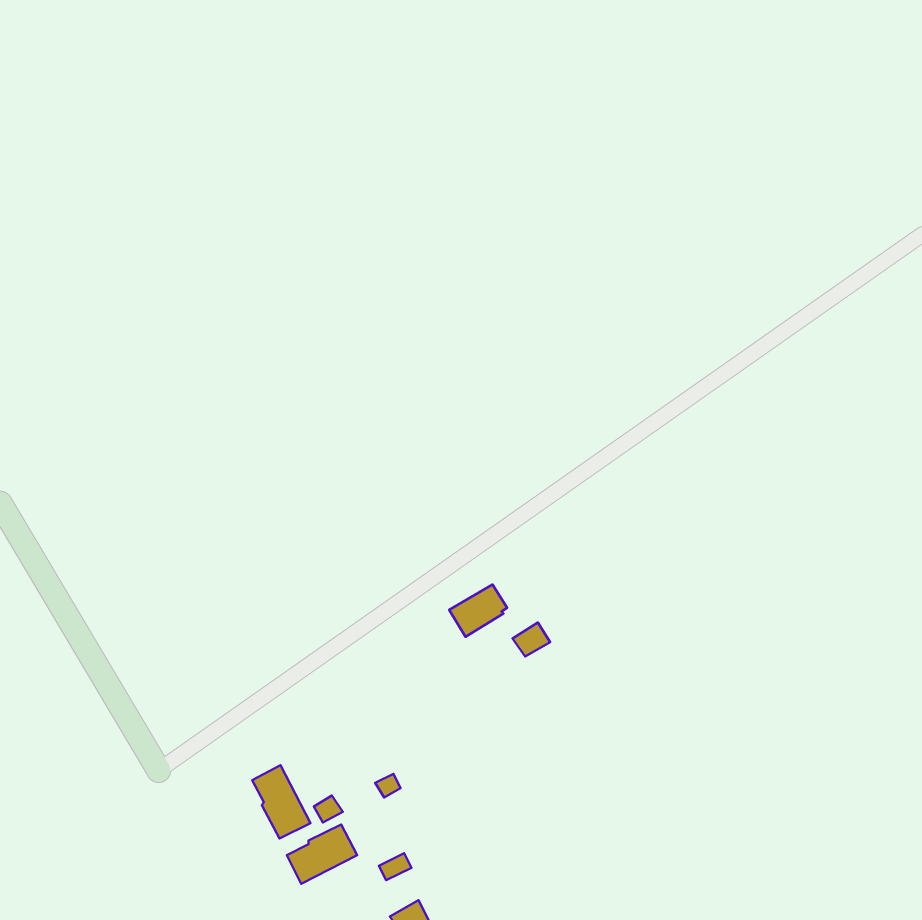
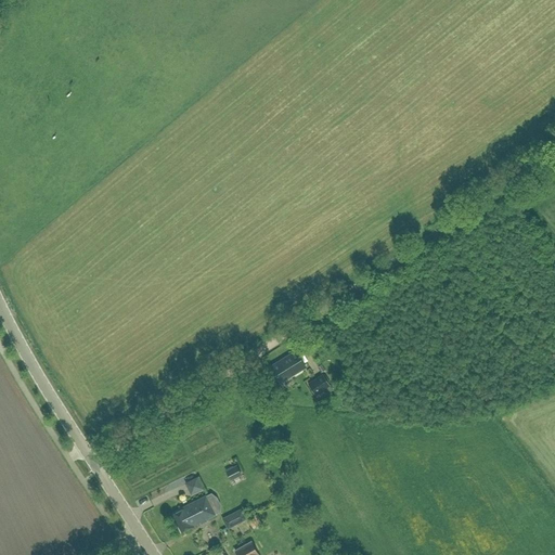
building: [252,765,310,839] -> none

